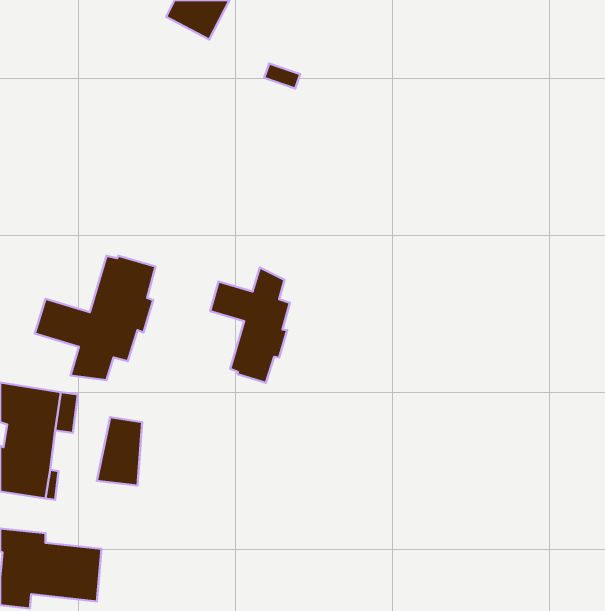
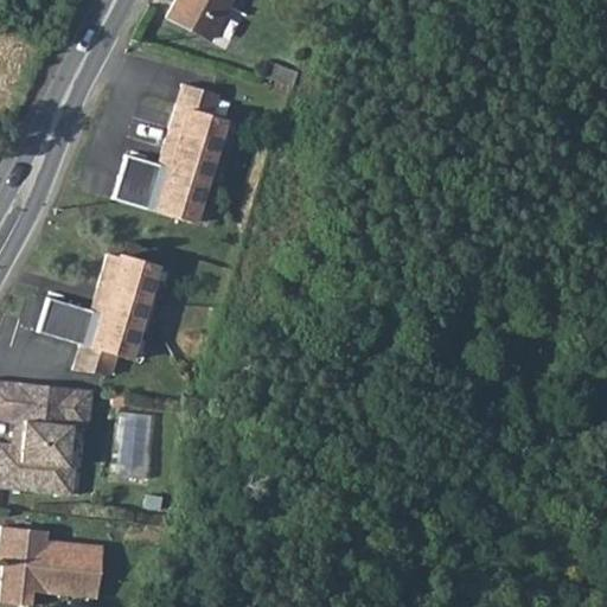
building: none -> [116,83,228,222]
building: [210,267,290,383] -> none

